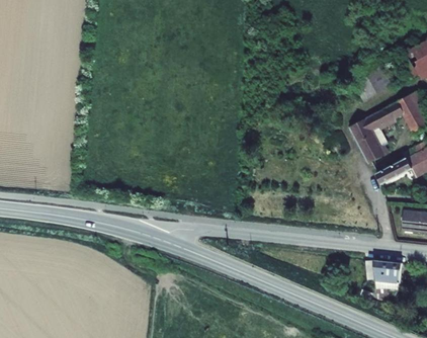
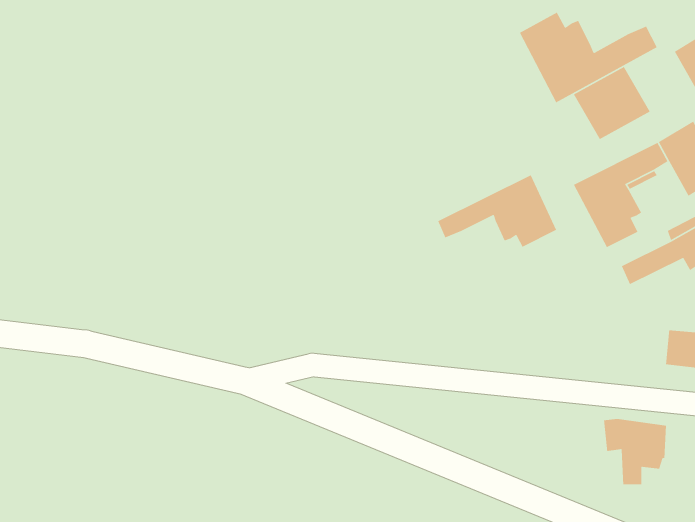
building: none -> [519,11,658,103]
building: none -> [437,174,557,248]

